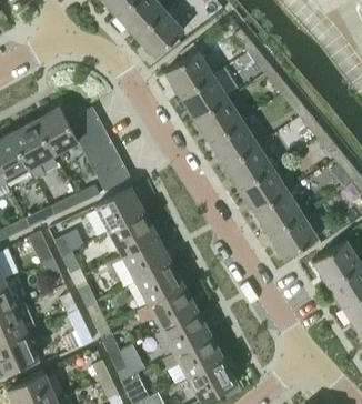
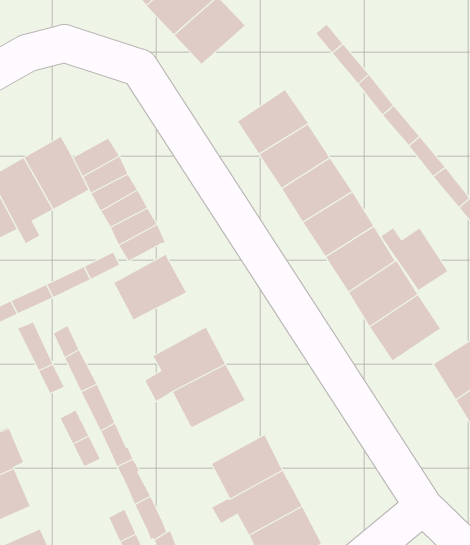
building: [163,51,212,97] -> none
building: none -> [381,227,448,291]
building: [108,213,158,256] -> none
building: [135,286,198,330] -> none

